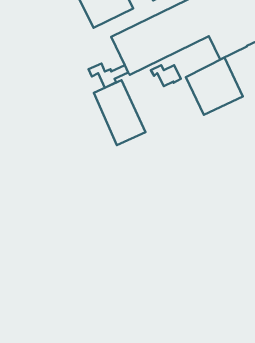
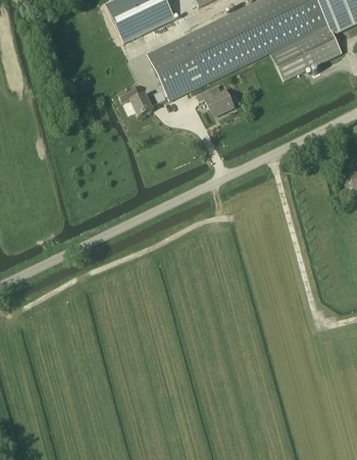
building: [186,57,243,115] -> none
building: [94,80,146,145] -> none

